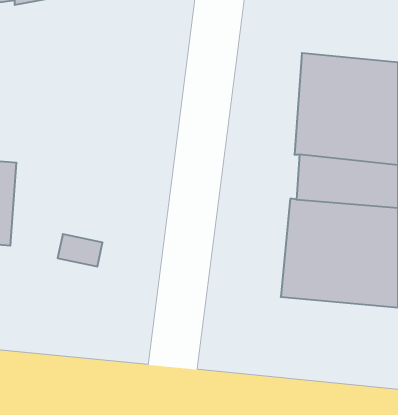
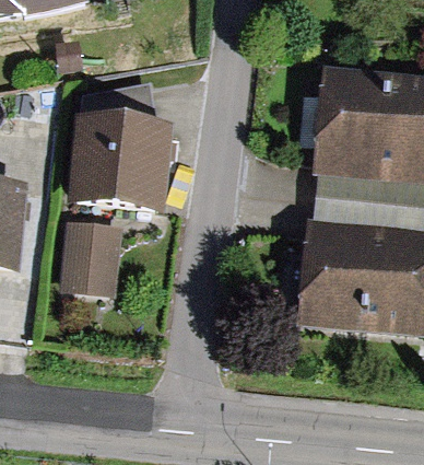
building: none -> [82,91,167,198]

